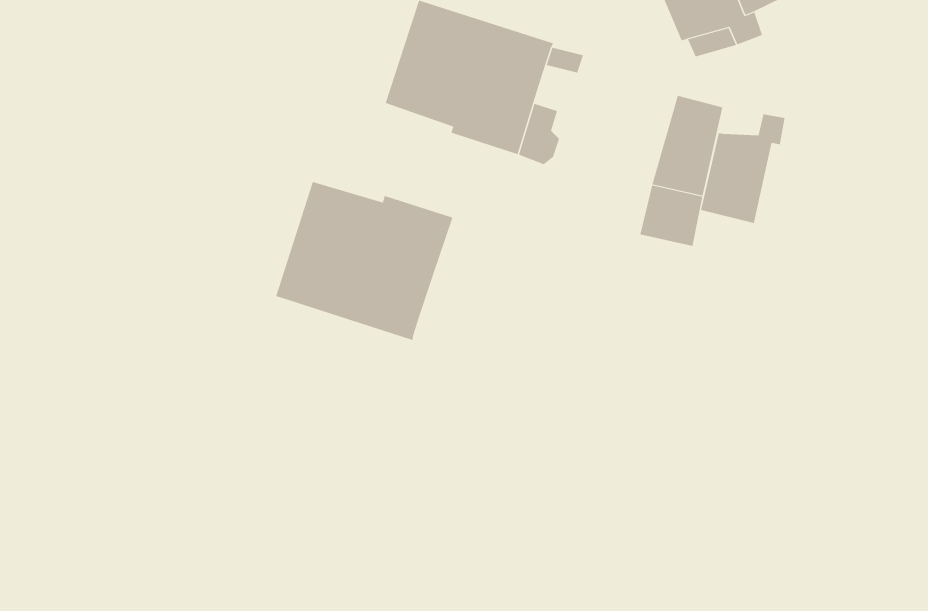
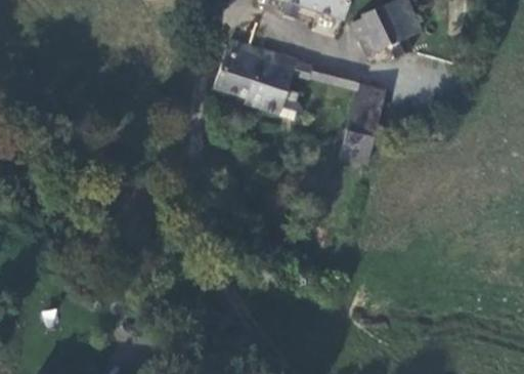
building: [700,114,785,224] -> none
building: [276,181,453,341] -> none

